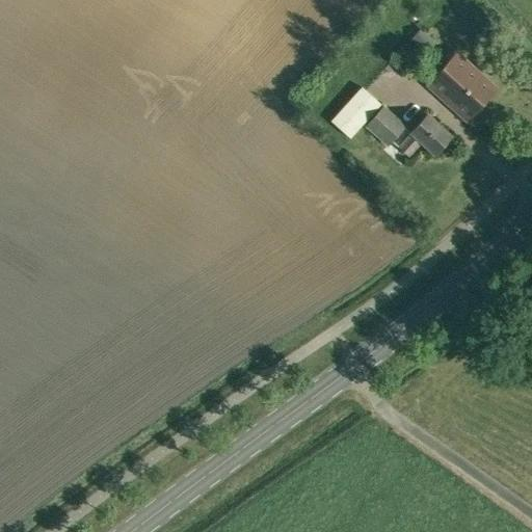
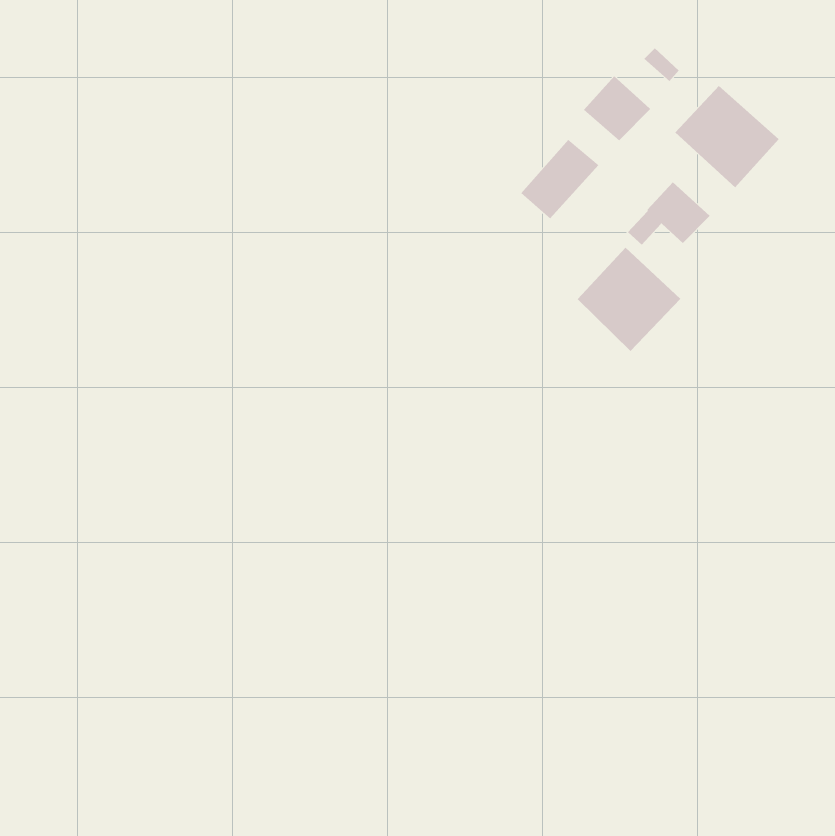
building: [365,105,408,147] -> [583,76,652,141]
building: none -> [577,247,681,352]

